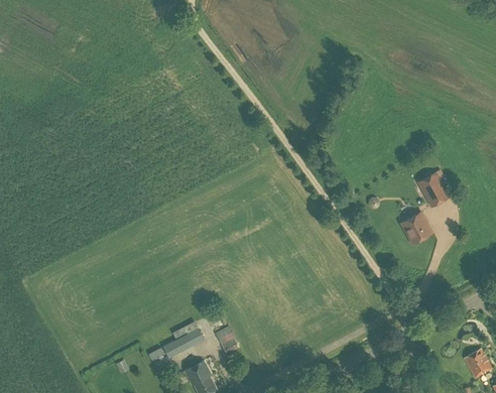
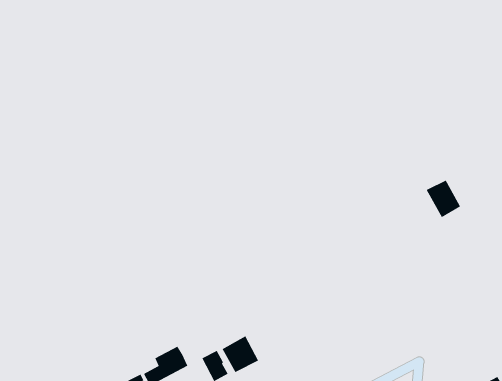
building: [400,213,431,245] -> none
building: none -> [222,335,259,373]

